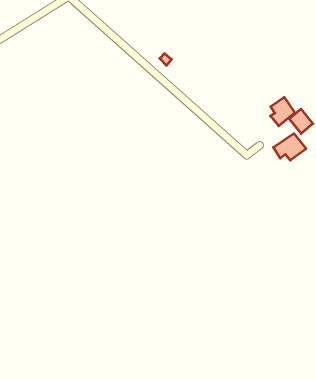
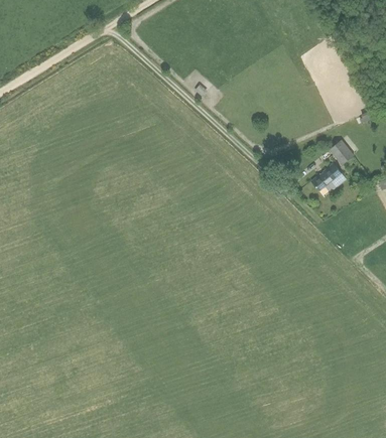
building: [270,97,295,126] -> none

